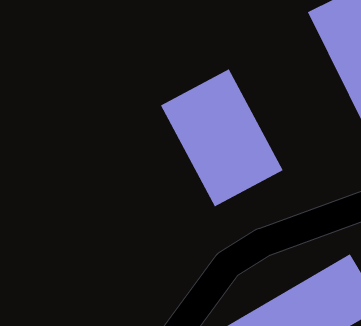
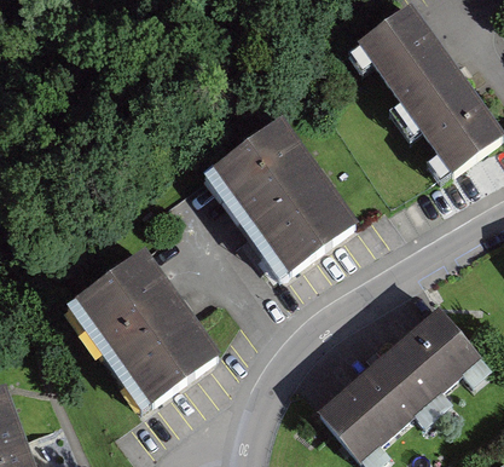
building: none -> [65,252,215,410]

